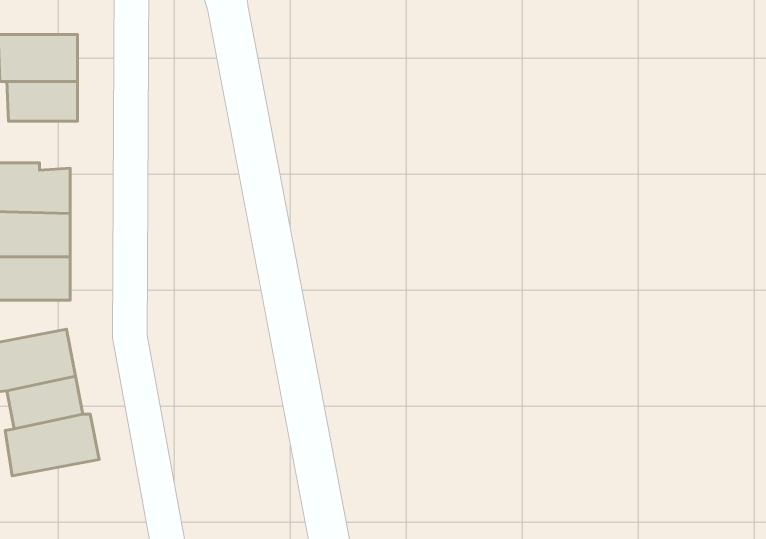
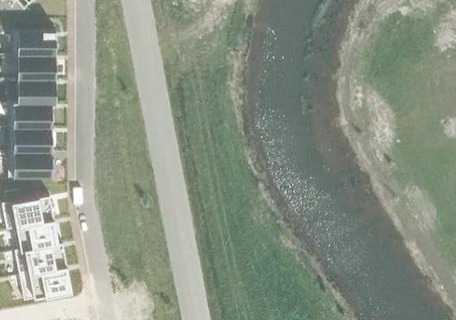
building: none -> [16,78,54,106]
building: none -> [18,267,70,300]

